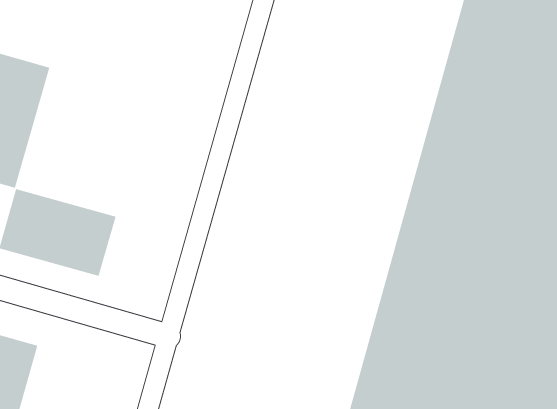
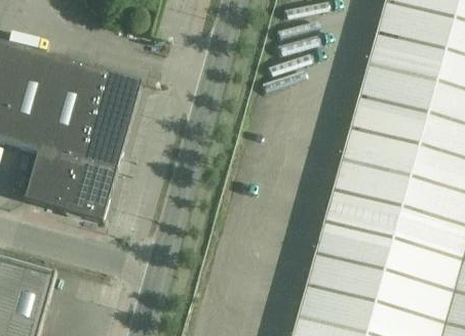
building: none -> [39,59,144,174]

